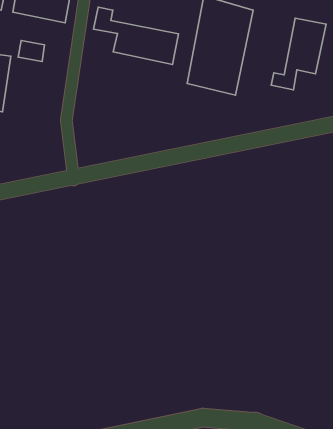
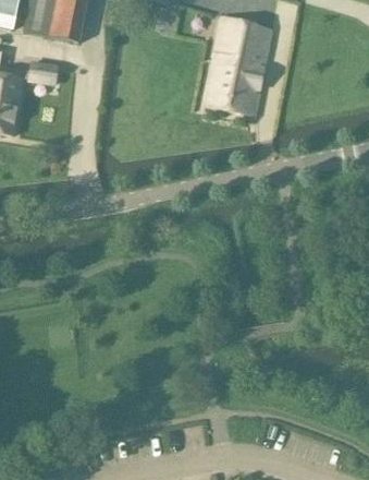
building: [94,7,178,64] -> none
building: [271,18,326,90] -> none

